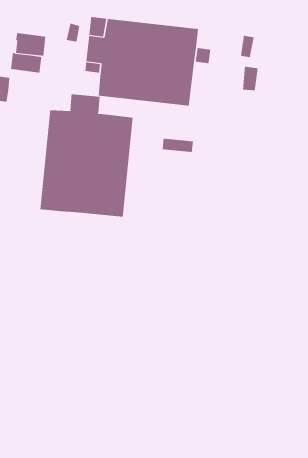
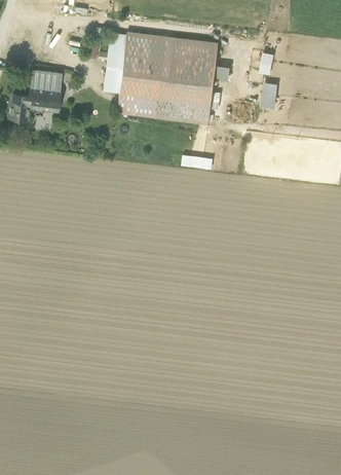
building: [15,32,46,56] -> [29,84,60,108]
building: [40,93,133,217] -> none

